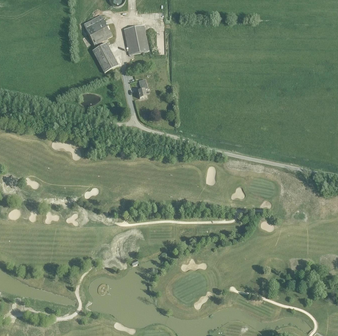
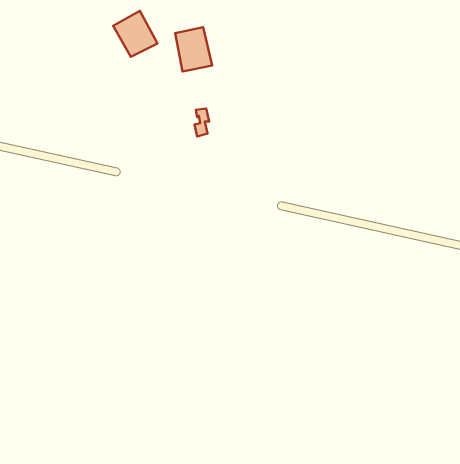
building: [92,43,118,72] -> none

